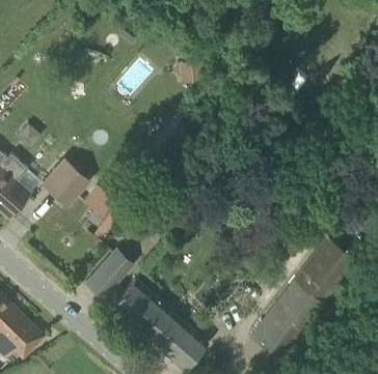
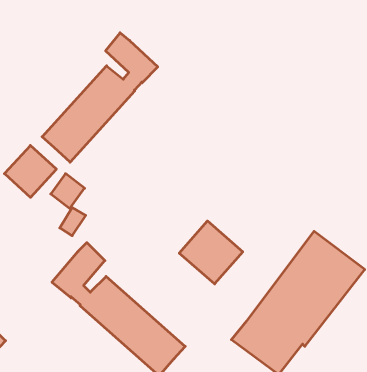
building: none -> [42,33,158,162]
building: none -> [179,221,243,284]

